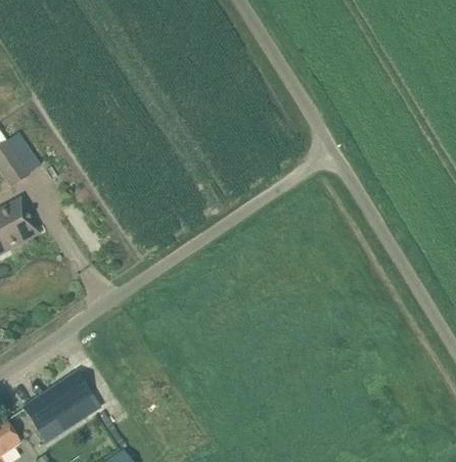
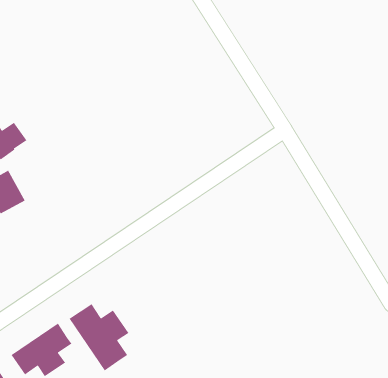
building: none -> [69,303,129,372]

